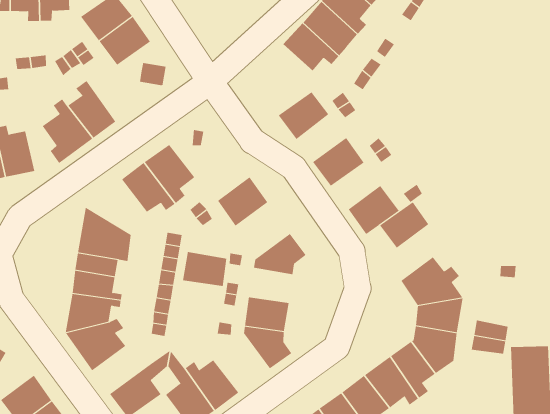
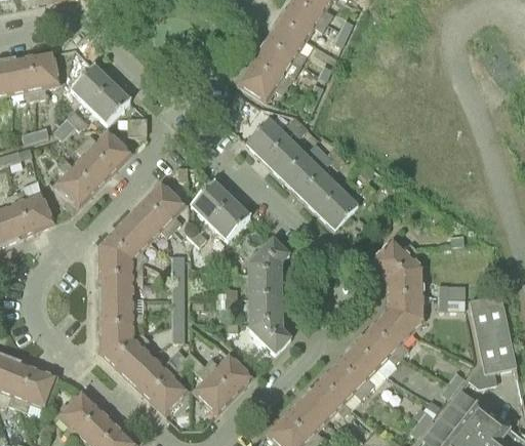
building: none -> [83,129,130,170]
building: none -> [264,134,305,176]
building: none -> [190,180,231,221]
building: none -> [99,217,151,261]
building: [379,201,429,248] -> [298,169,339,210]
building: [182,252,227,286] -> [246,272,281,296]
building: none -> [128,354,175,396]

